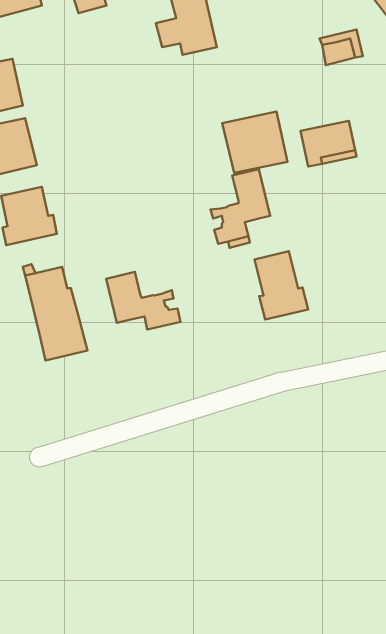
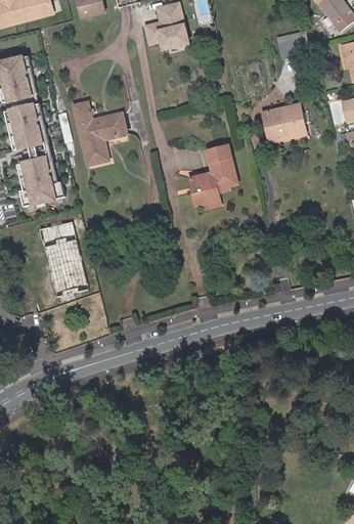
building: [222,112,287,173] -> none
building: none -> [74,100,126,163]
building: [255,251,308,320] -> none
building: [106,272,180,330] -> none

